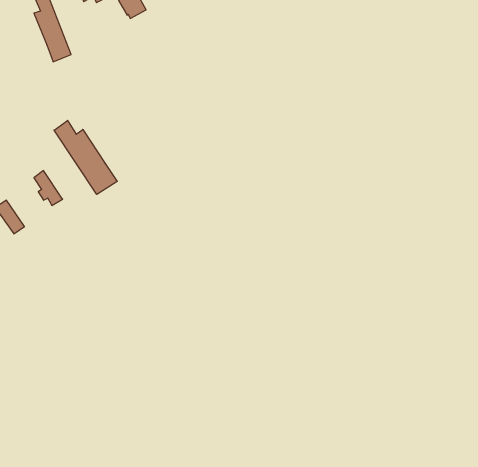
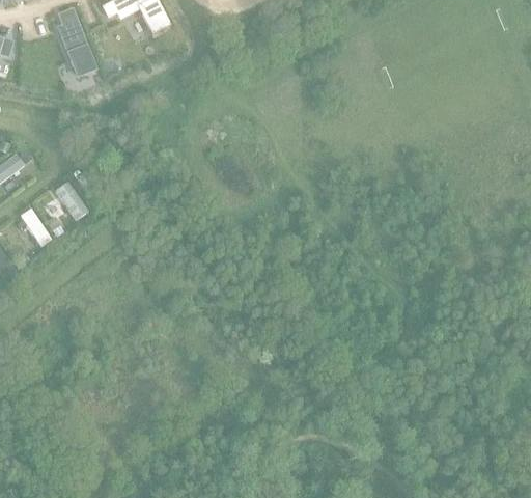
building: [54,120,117,194] -> none

